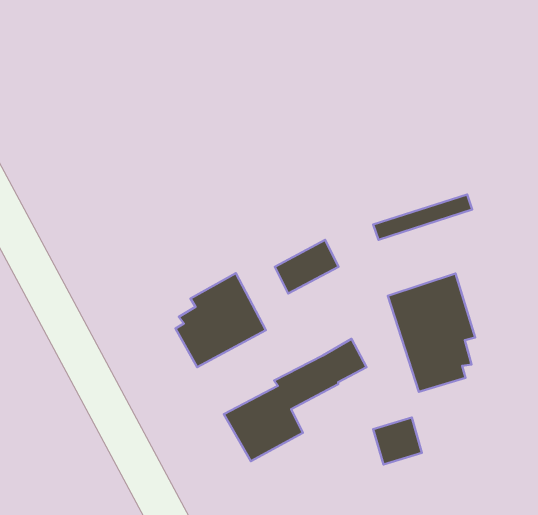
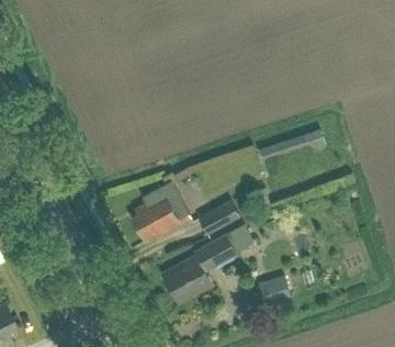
building: [275,240,339,294] -> [199,201,240,236]
building: [388,273,475,392] -> none

